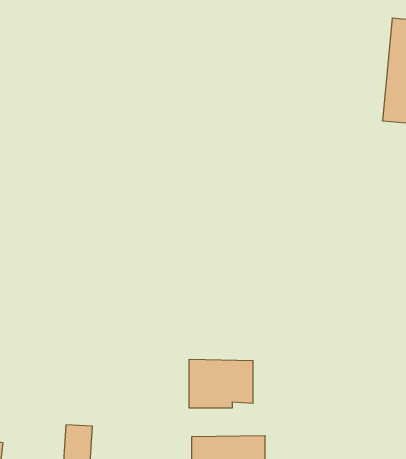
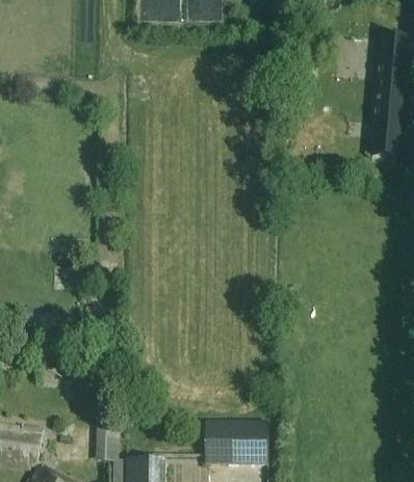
building: [189,359,253,408] -> none

